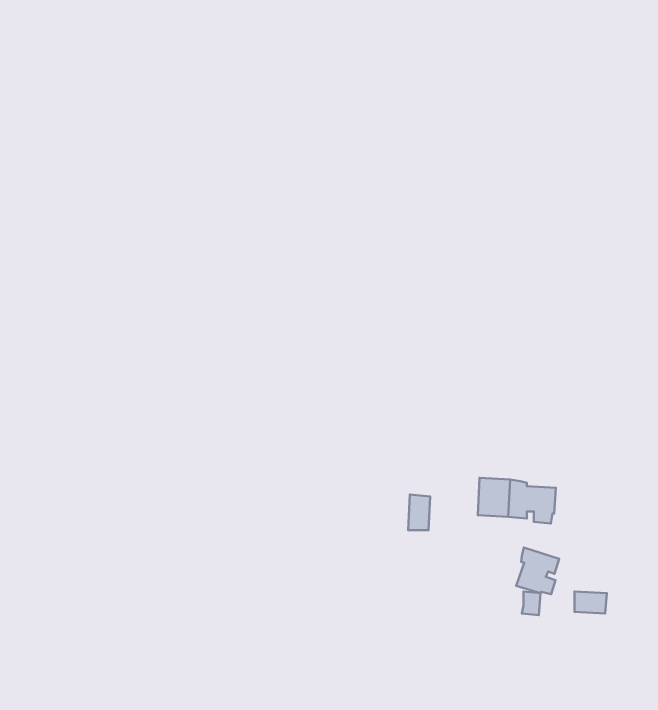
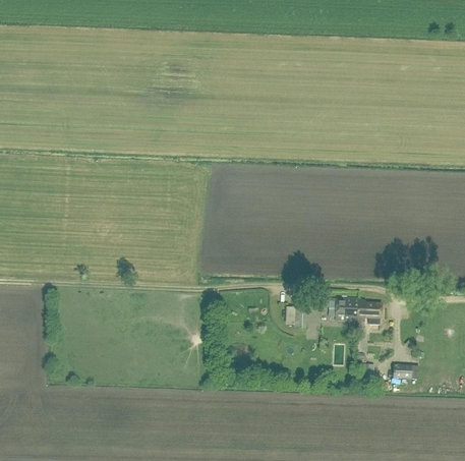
building: [516,547,559,594] -> none

